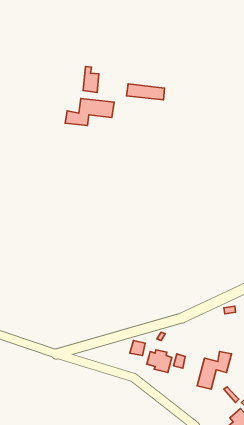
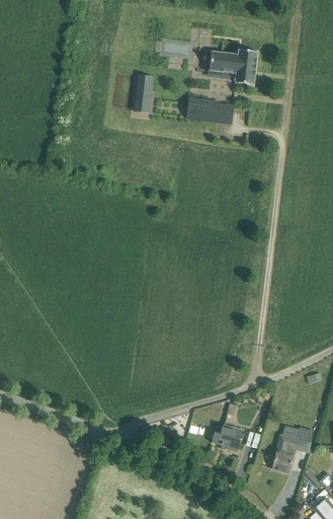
building: none -> [210,50,257,84]
building: [65,99,114,126] -> none

